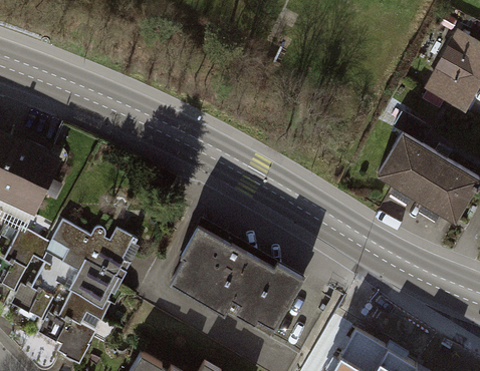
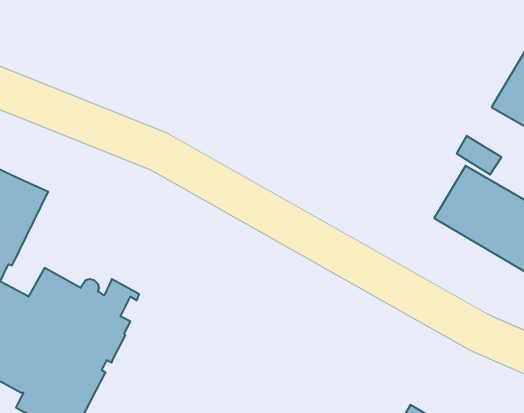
building: [174,228,304,329] -> none

